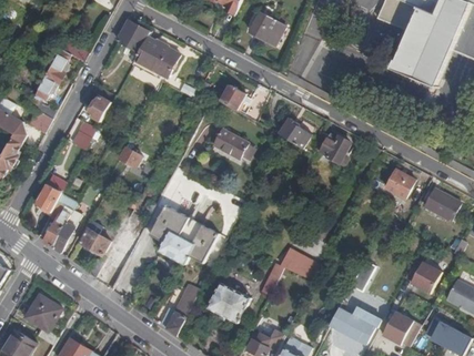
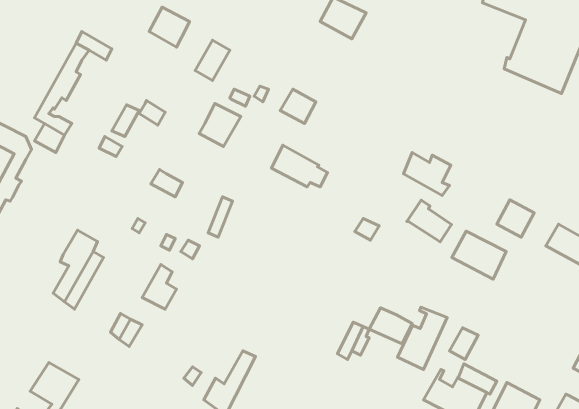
building: [133,37,165,70] -> [199,103,241,147]
building: [276,116,311,149] -> [407,200,451,242]
building: [34,175,65,212] -> none
building: none -> [452,231,506,279]
building: [150,206,218,264] -> none
building: [79,221,109,255] -> none
building: none -> [398,307,447,370]
building: [403,260,440,293] -> none
building: [208,282,249,321] -> none

